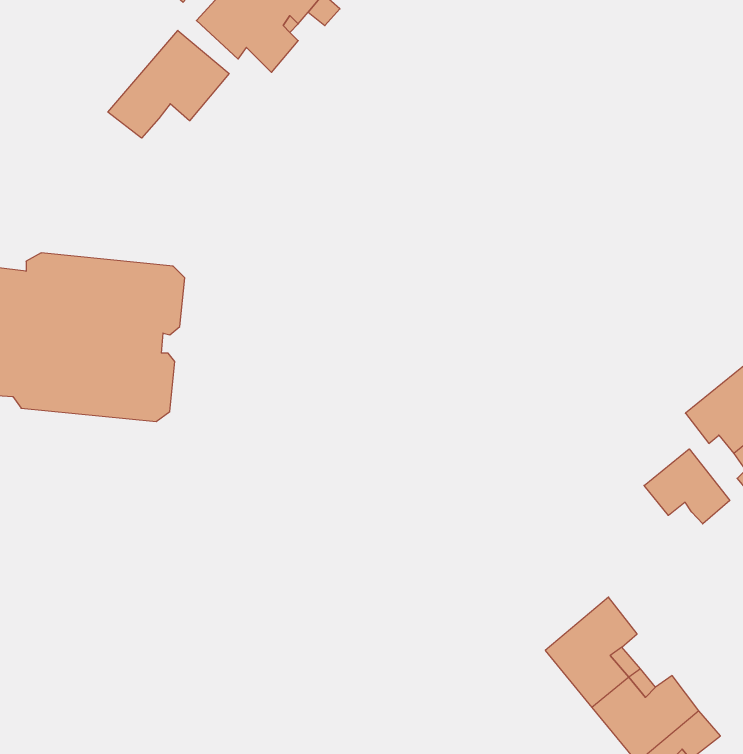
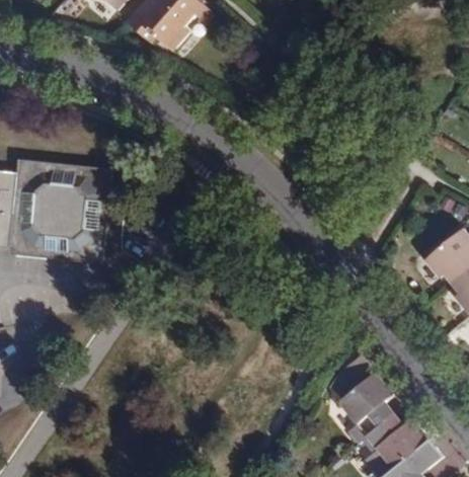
building: [108,30,229,138] -> none
building: [644,449,730,524] -> none

